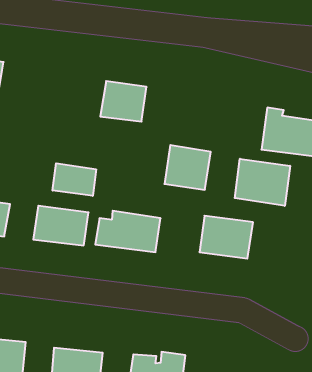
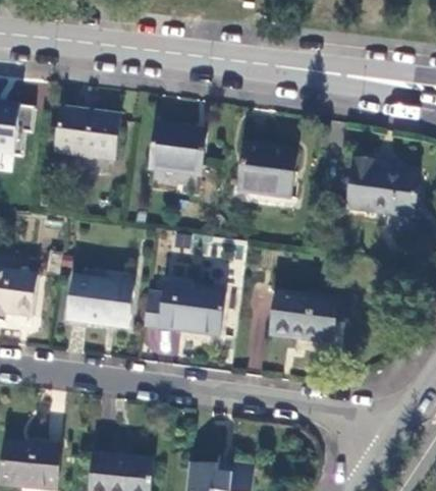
building: none -> [55,108,118,161]
building: [164,145,211,190] -> [237,144,294,199]
building: [235,159,290,206] -> none
building: [53,163,96,196] -> none

